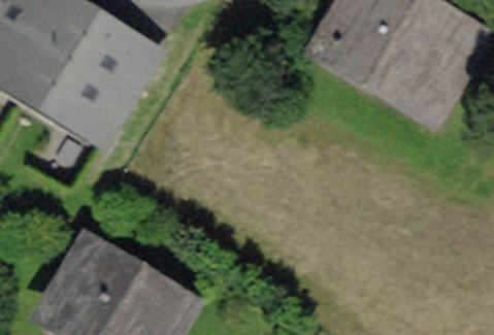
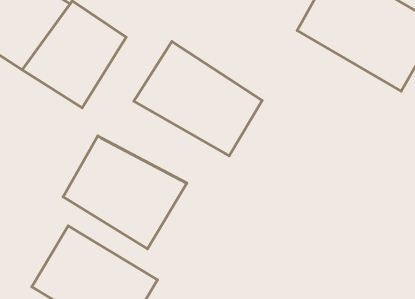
building: none -> [134,42,262,156]
building: none -> [63,136,187,249]

